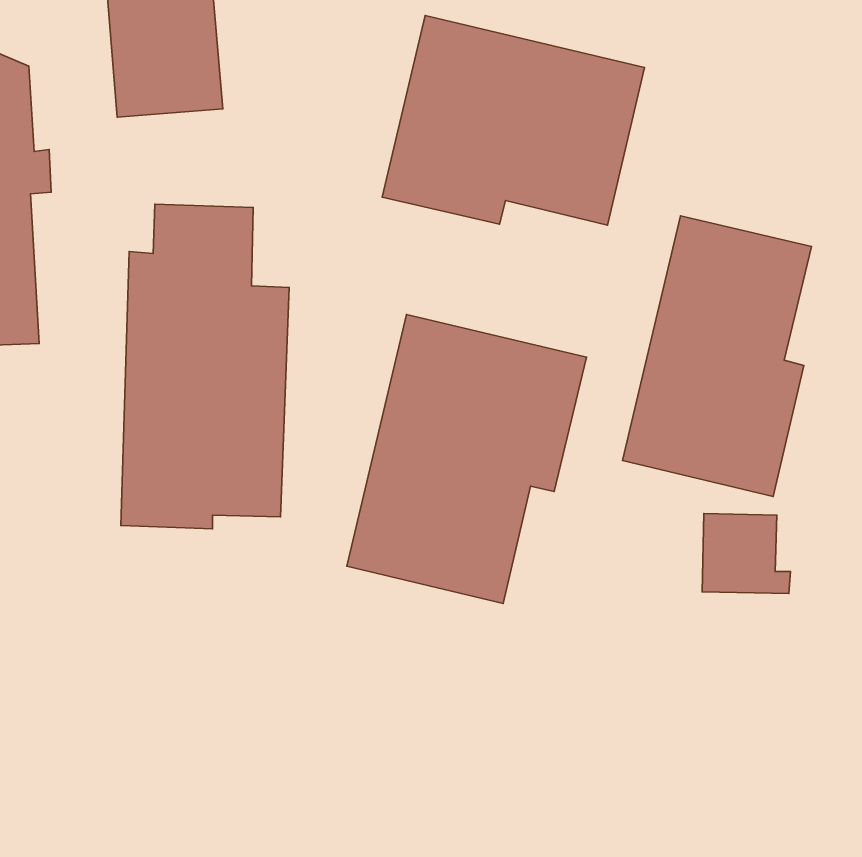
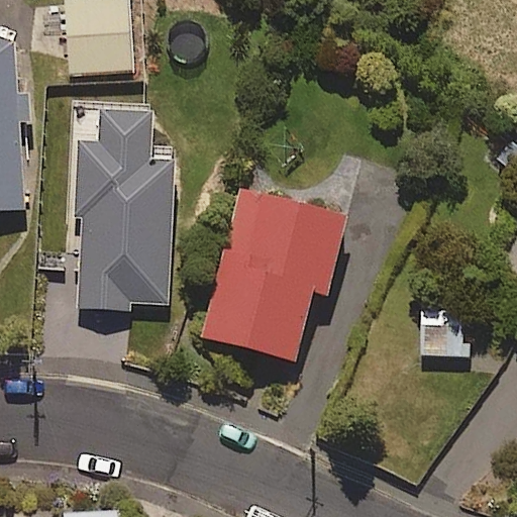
building: [382,16,645,225] -> none
building: [623,216,811,496] -> none

